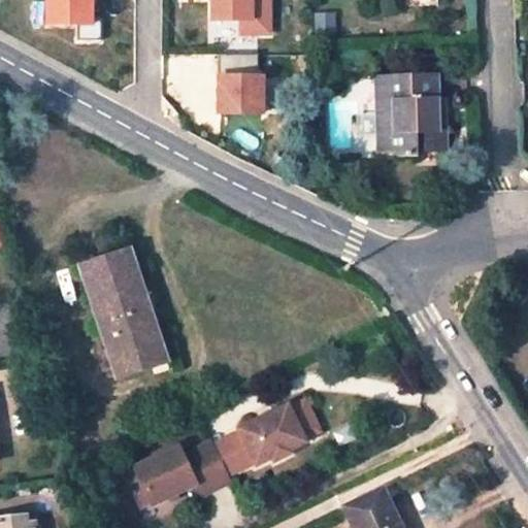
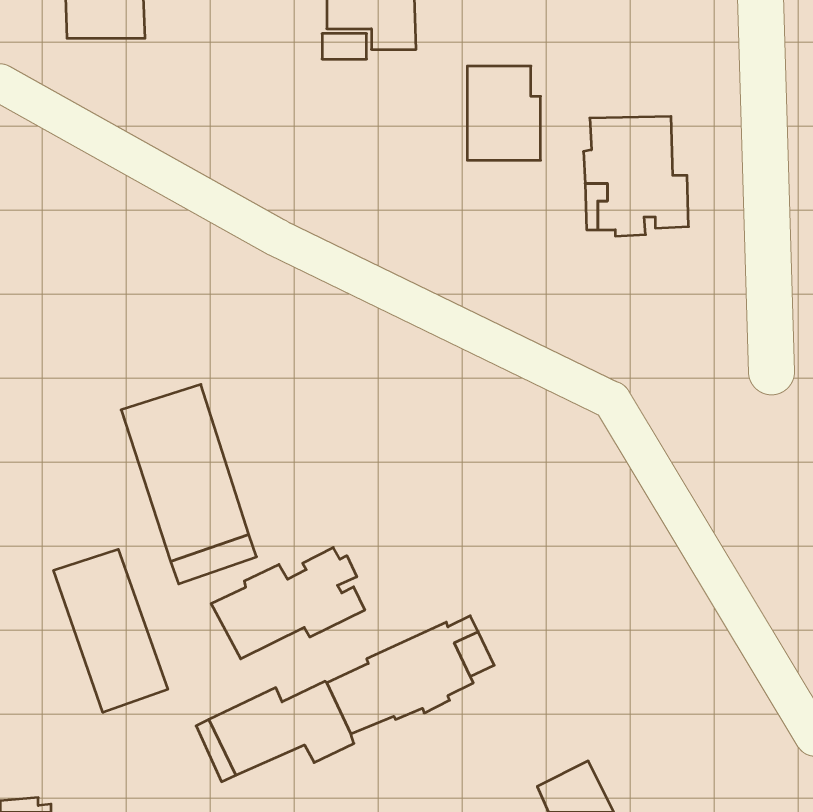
building: [218,53,265,113] -> [467,66,541,160]
building: none -> [211,547,365,659]
building: none -> [54,549,168,712]

